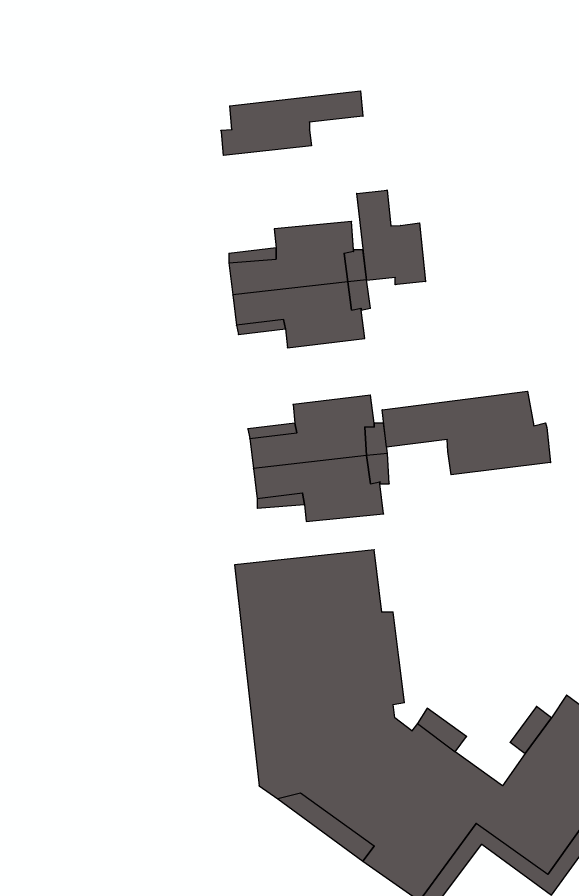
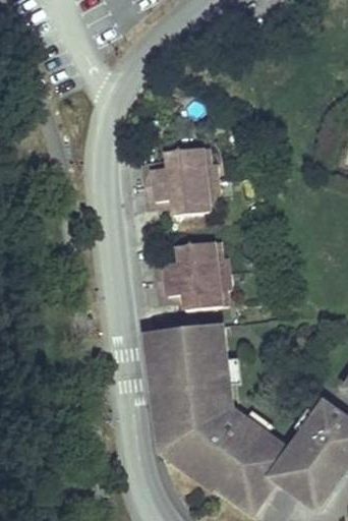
building: [221,91,363,155] -> none
building: [357,190,426,285] -> none
building: [382,391,551,475] -> none

